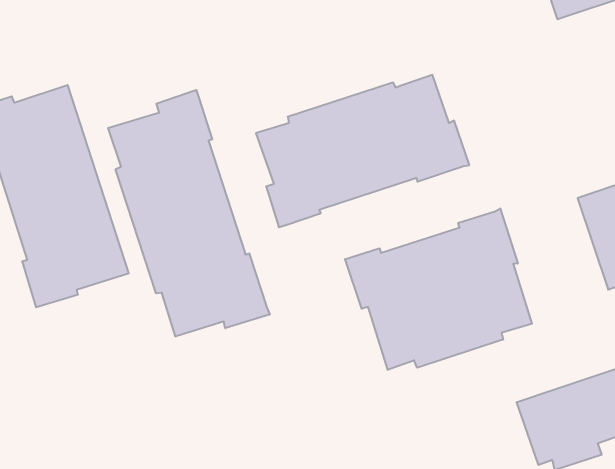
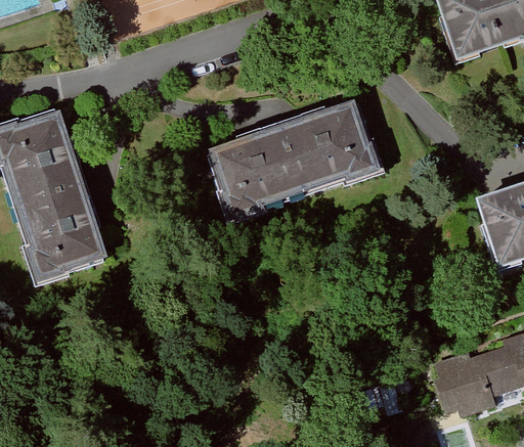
building: [108,90,270,337] -> none
building: [345,208,532,370] -> none

